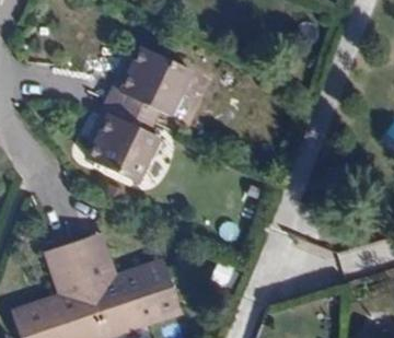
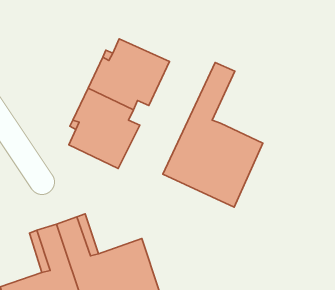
building: none -> [163,63,263,207]

